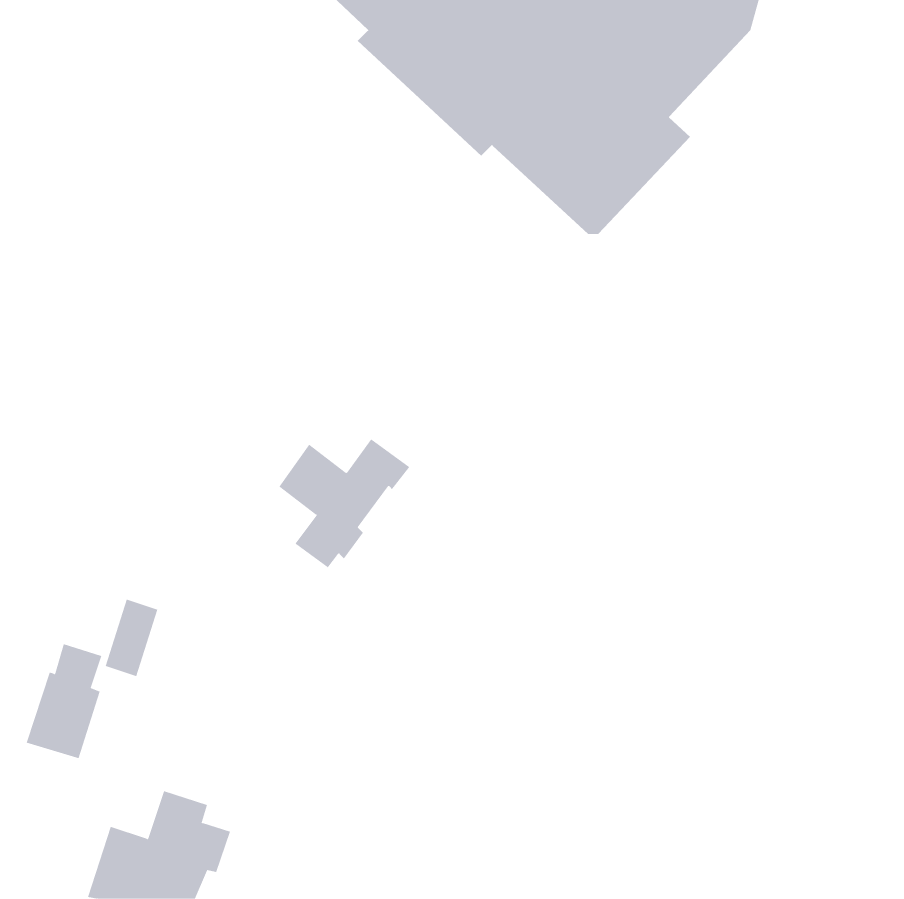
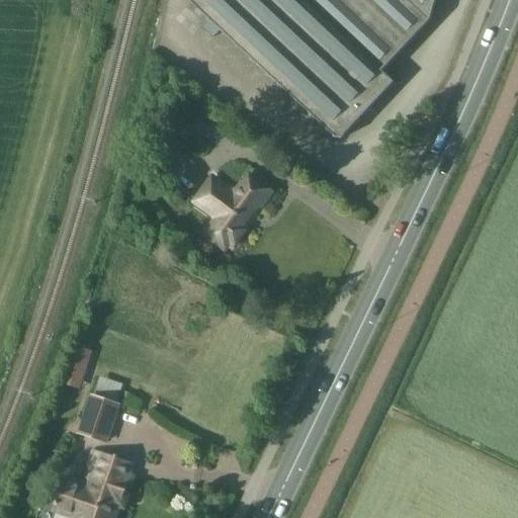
building: [279,439,410,568] -> [198,172,273,246]
building: [26,643,102,759] -> [79,373,122,439]

